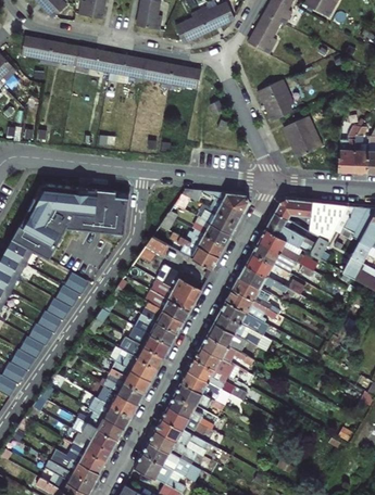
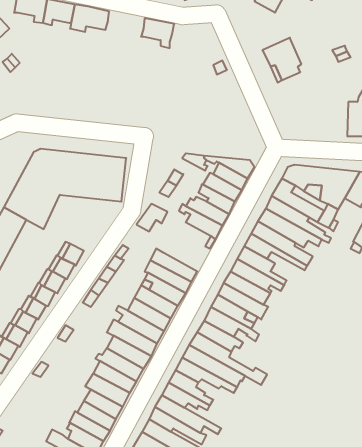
building: [109,53,146,82] -> none
building: [170,65,201,89] -> none
building: [284,115,323,156] -> none
building: [164,268,202,300] -> none

